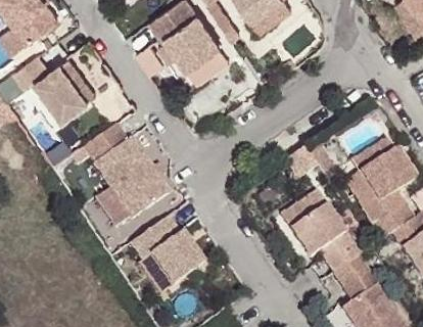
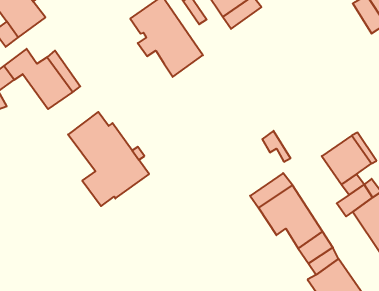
building: [130,218,203,286] -> none

